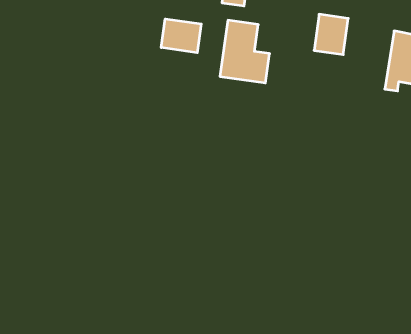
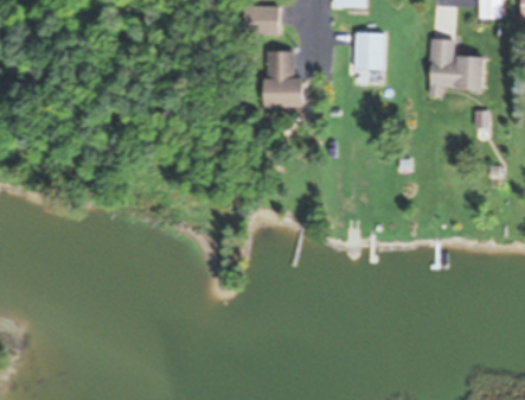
building: [161,19,201,53] -> none

